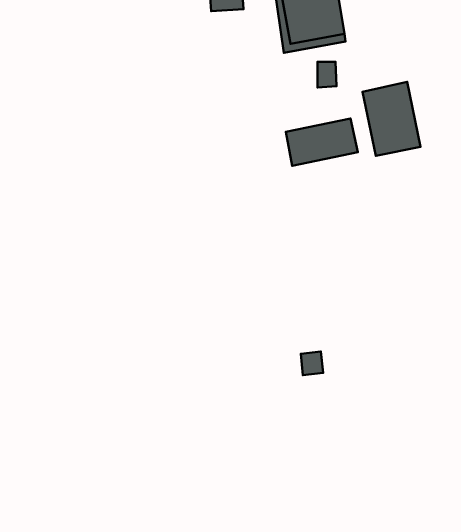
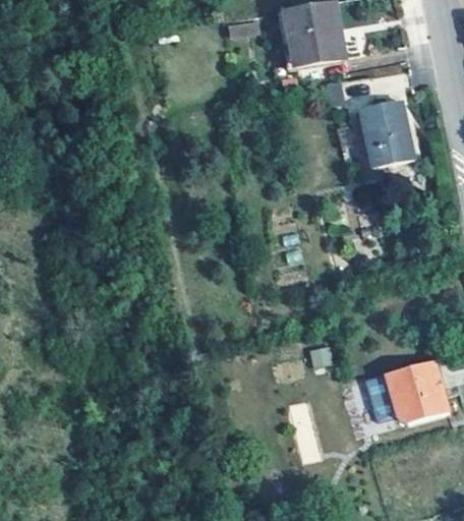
building: [286,118,358,166] -> none
building: none -> [384,358,447,422]

